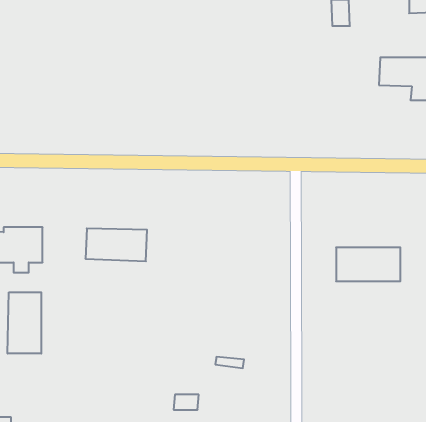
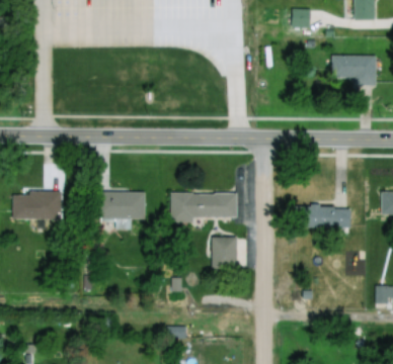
building: none -> [170,192,237,221]
building: none -> [212,237,237,268]
building: [8,292,41,354] -> none

